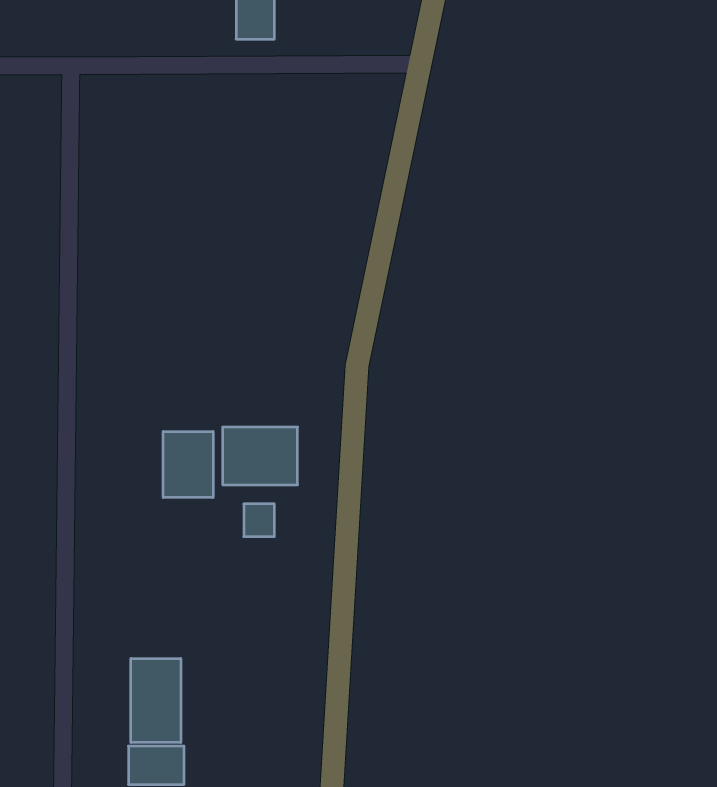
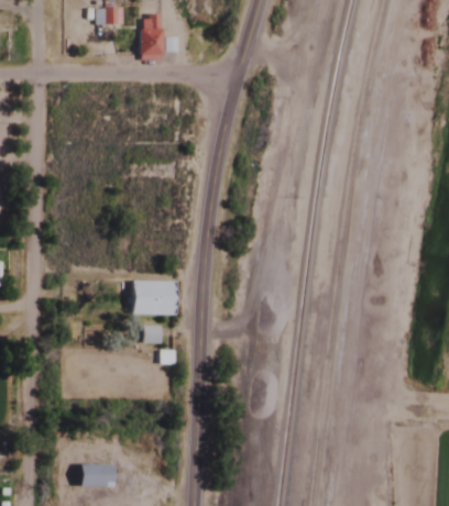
building: [163,431,213,498] -> none
building: [131,658,181,743] -> none

